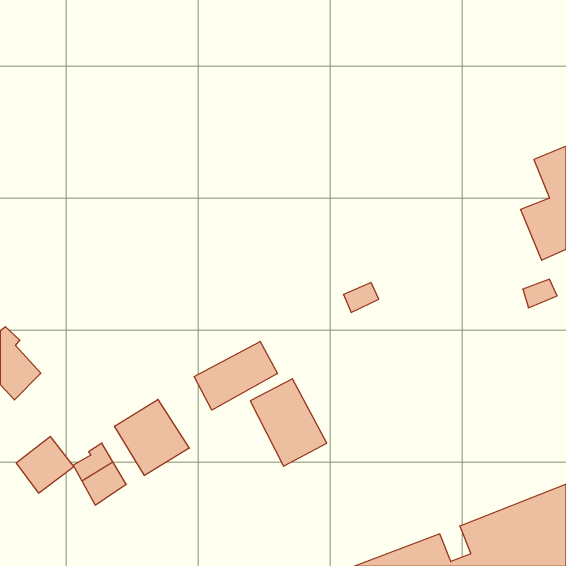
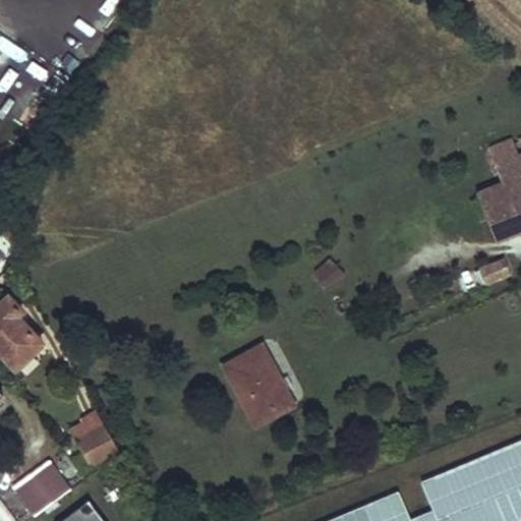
building: [194,341,278,410] -> none
building: [115,399,189,475] -> none
building: [16,437,74,493] -> [14,462,67,514]

